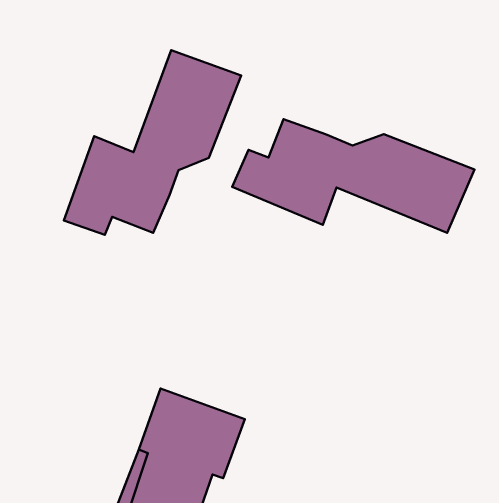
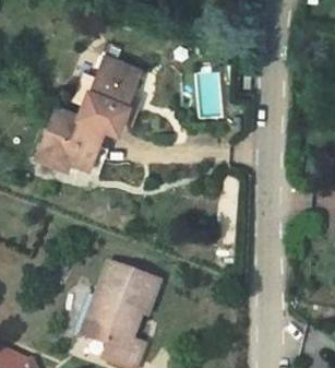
building: [232,119,474,233] -> none

